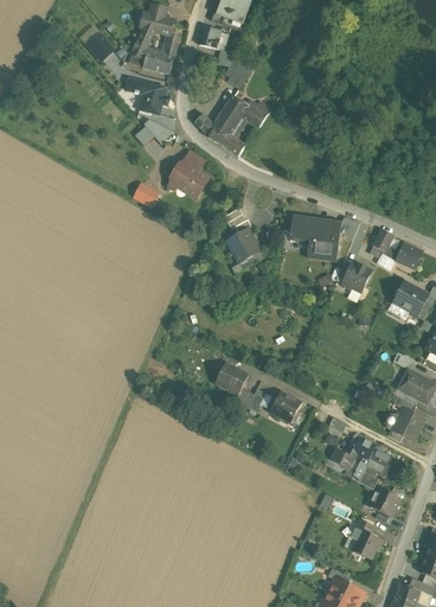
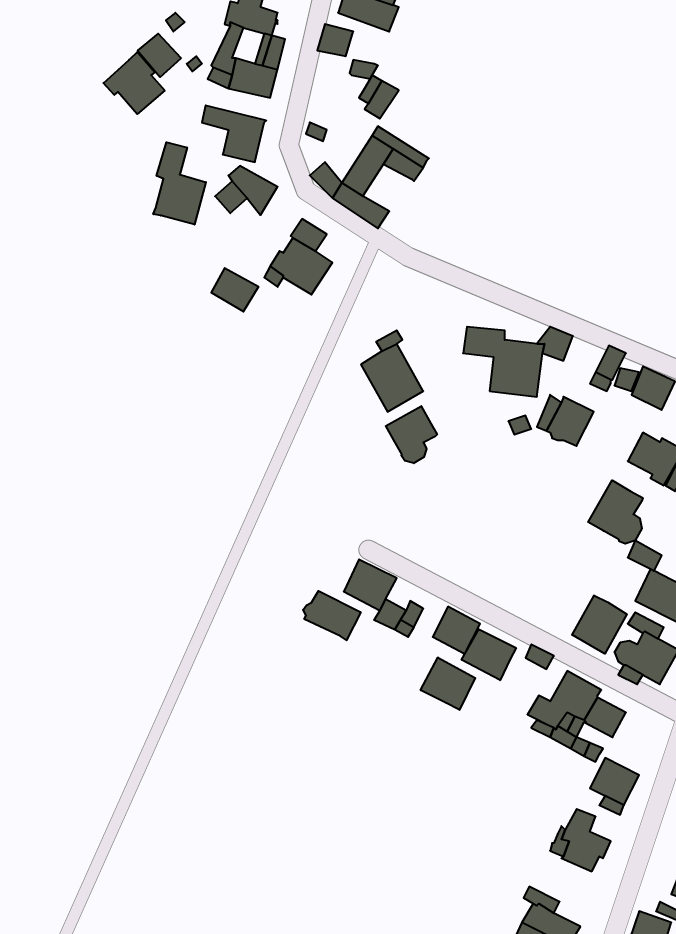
building: none -> [103,51,165,114]
building: none -> [153,142,206,225]
building: none -> [386,406,437,463]
building: none -> [588,480,643,544]
building: none -> [303,591,361,640]
building: none -> [572,595,627,654]
building: none -> [462,629,516,680]
building: none -> [421,657,475,710]

